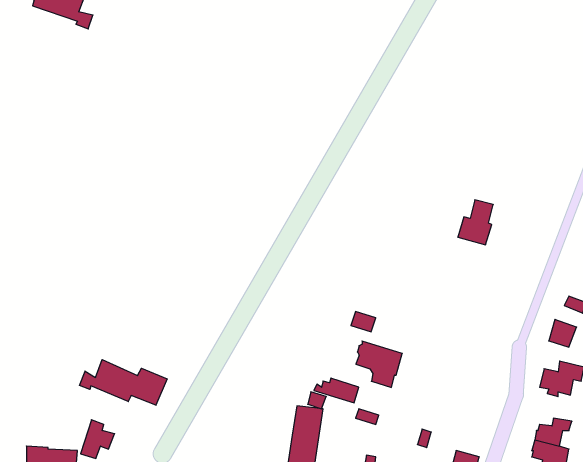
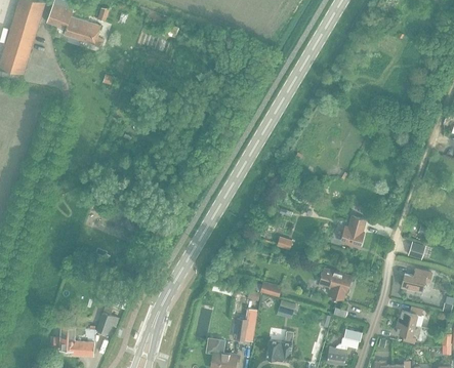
building: [458,200,493,245] -> [340,217,364,247]
building: [356,341,402,387] -> [319,269,349,299]
building: [79,360,167,405] -> none

